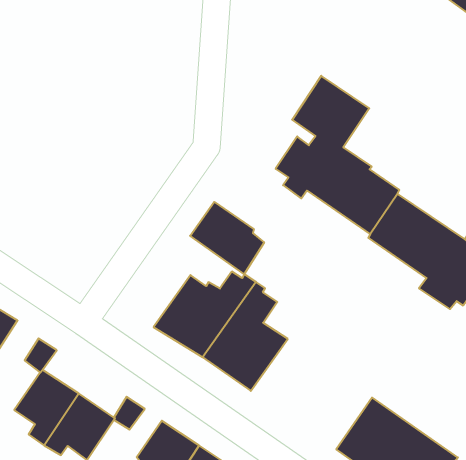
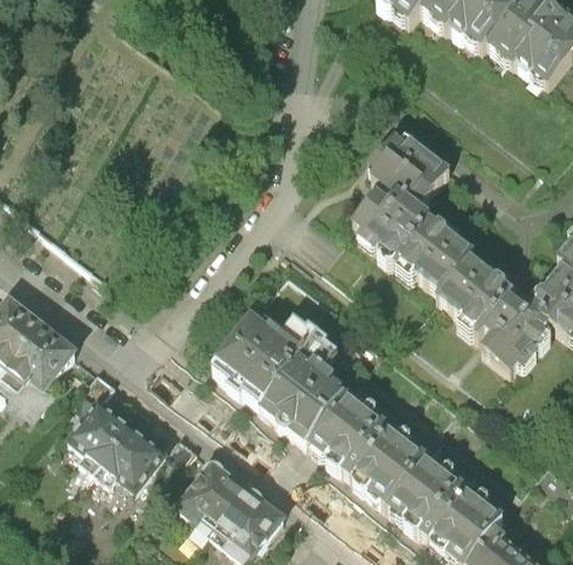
building: [190,202,264,274] -> none
building: none -> [303,387,423,501]

